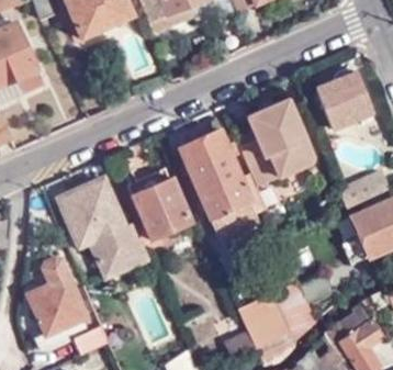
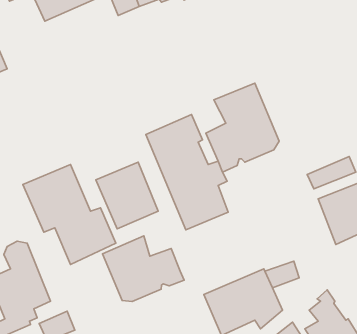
building: [312,67,373,130] -> none
building: none -> [103,236,184,302]

